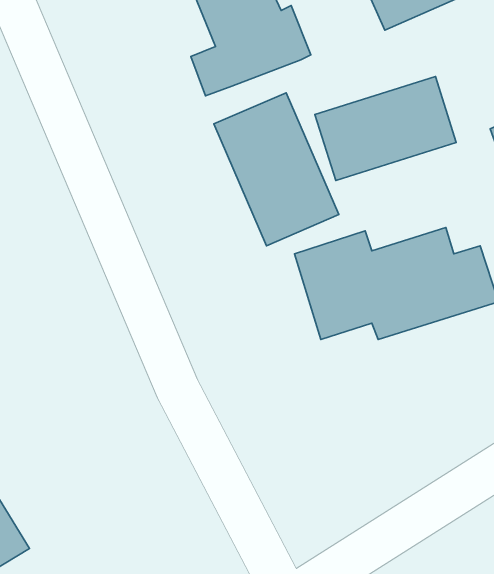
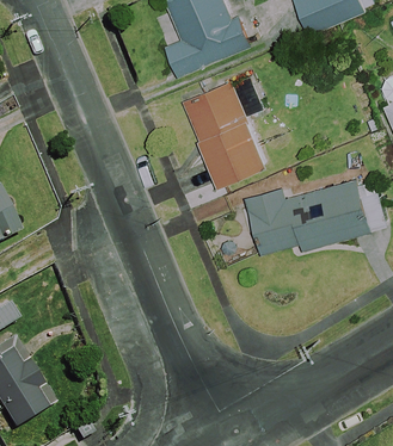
building: [315,77,456,181] -> none

